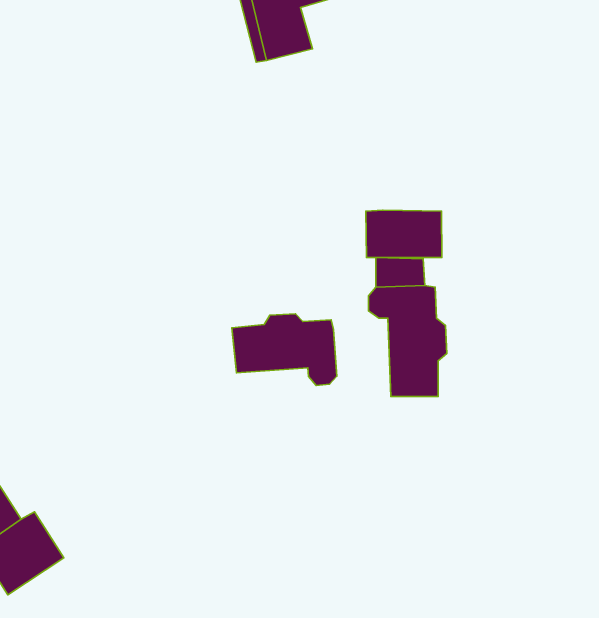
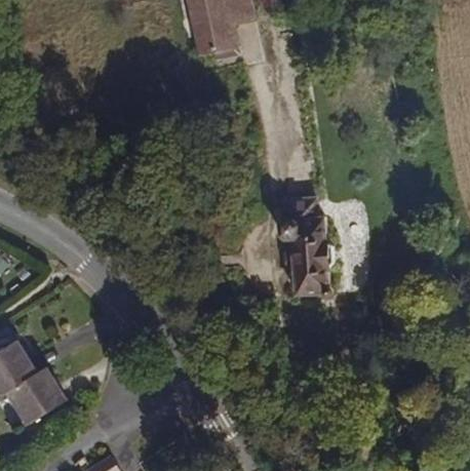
building: [366,210,442,257] -> none
building: [232,314,337,386] -> none

